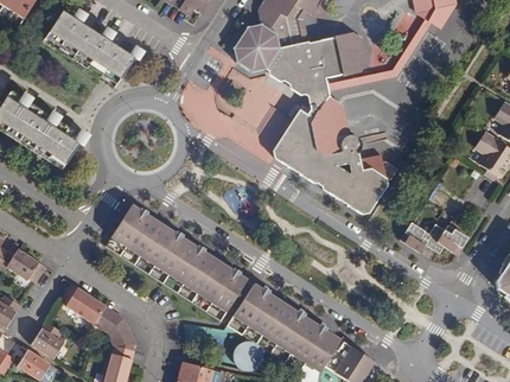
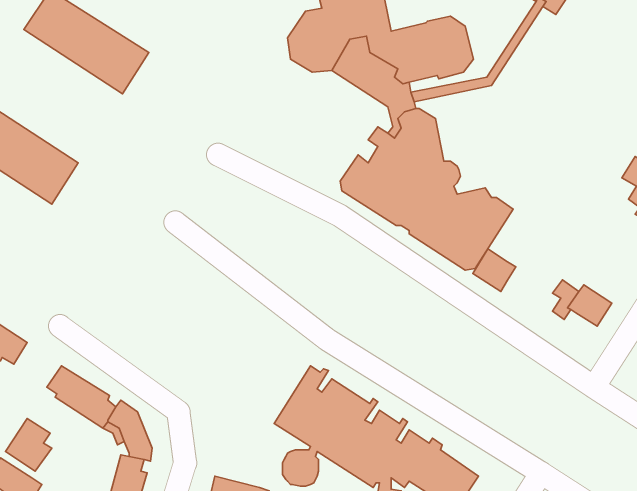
building: [106,204,246,318] -> none
building: [401,219,432,250] -> [473,249,516,292]

